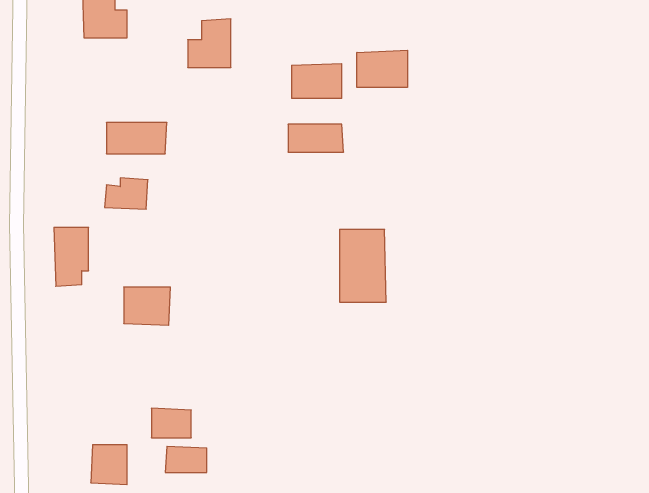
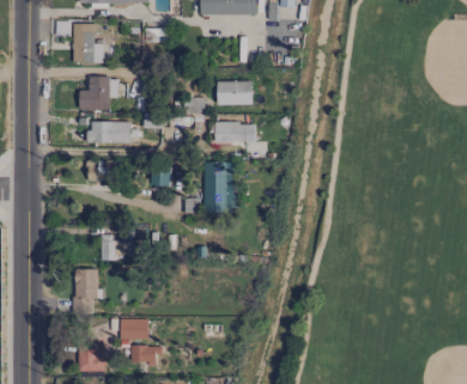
building: [188,19,231,67] -> [80,75,110,109]
building: [357,50,407,87] -> none
building: [54,227,89,286] -> [74,269,98,310]
building: [340,229,386,302] -> [205,161,237,212]

